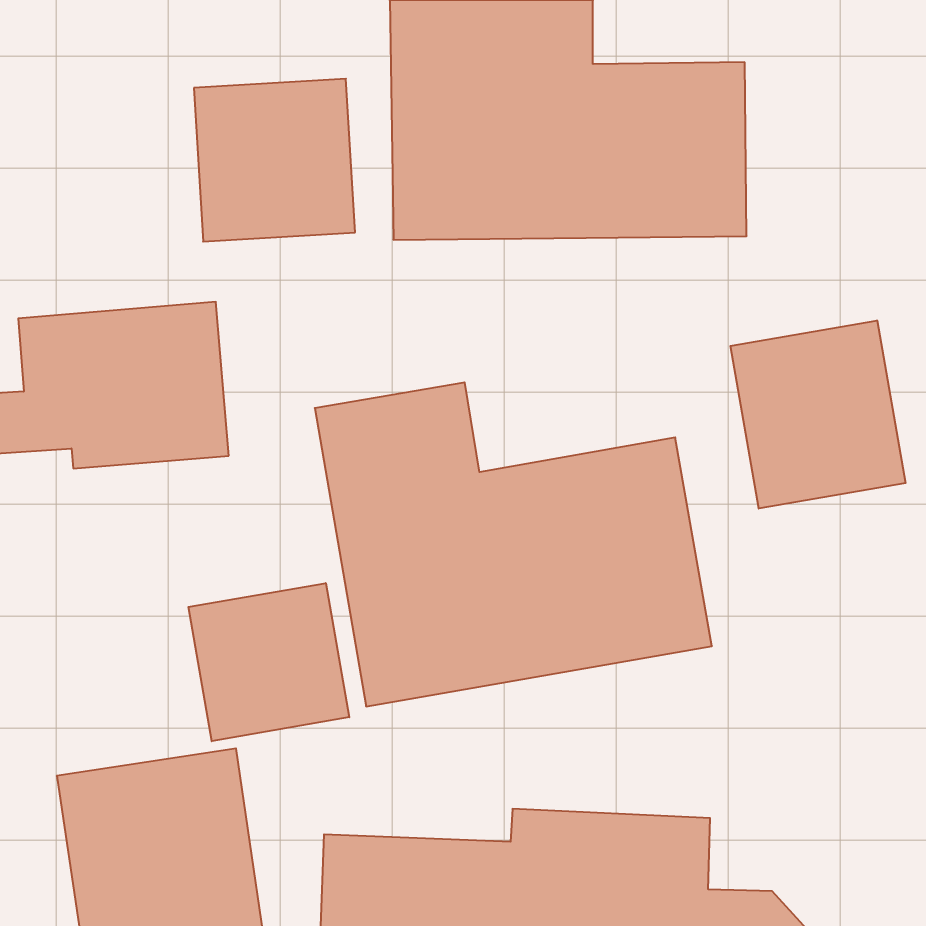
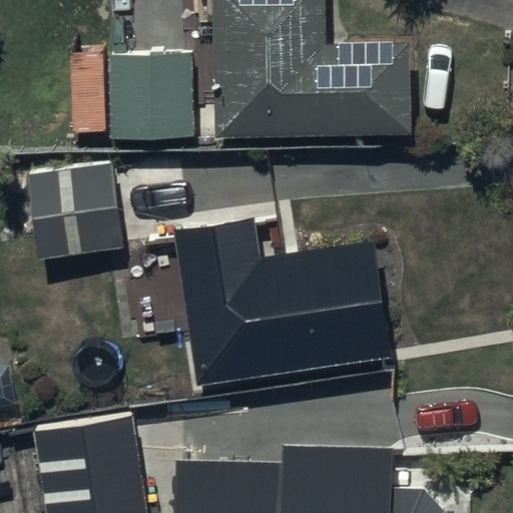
building: [730,320,906,509] -> none
building: [188,583,349,741] -> none

